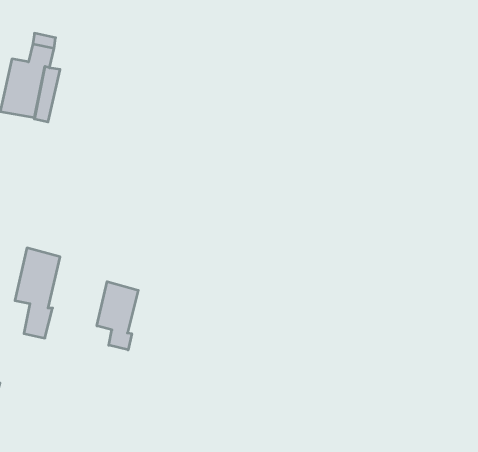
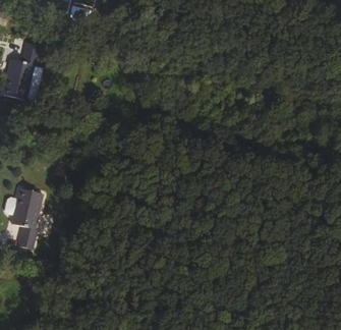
building: [97,282,138,350] -> none

